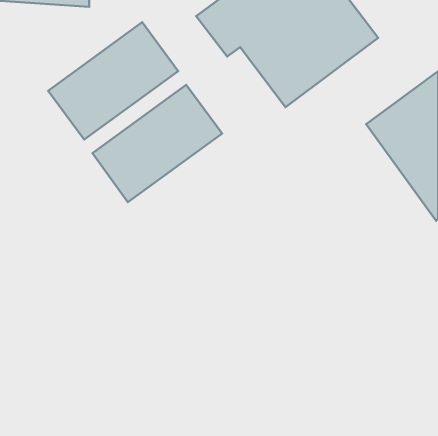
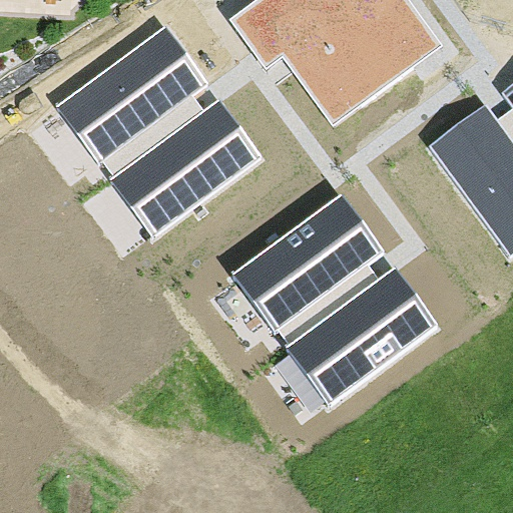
building: none -> [230,193,382,331]
building: none -> [285,269,436,405]

